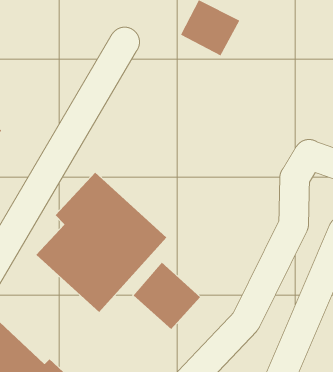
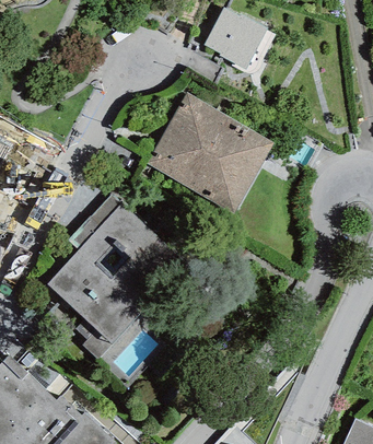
building: none -> [144,92,273,214]
building: [133,262,201,330] -> none

